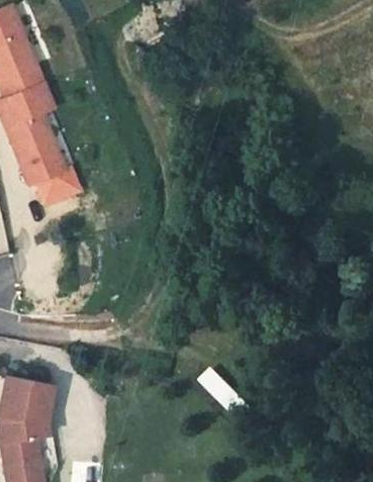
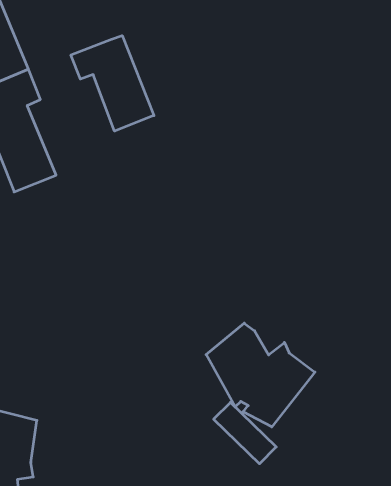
building: none -> [71,36,154,131]
building: none -> [206,323,315,427]

